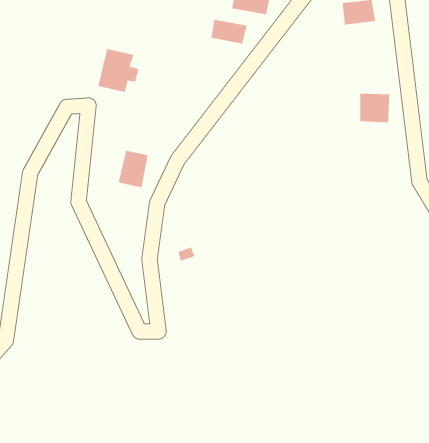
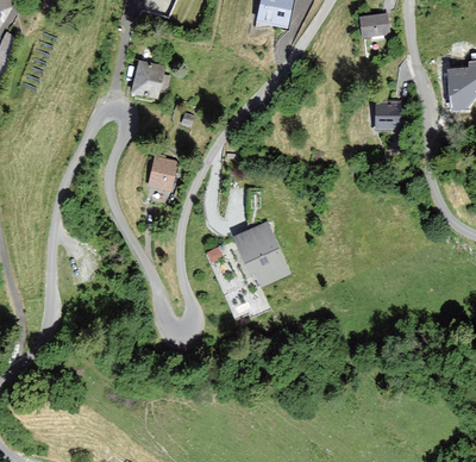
building: [210,19,248,45] -> none
building: none -> [233,220,290,287]

